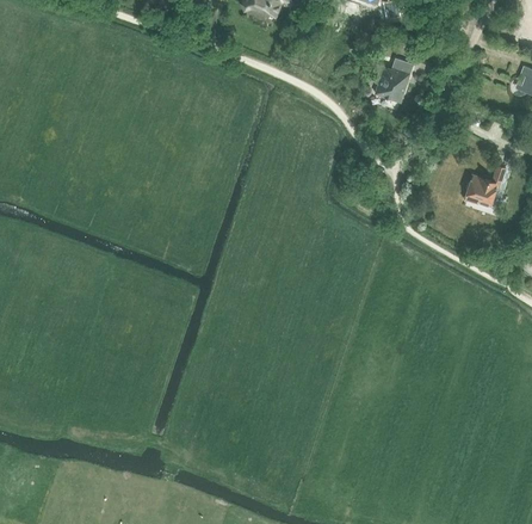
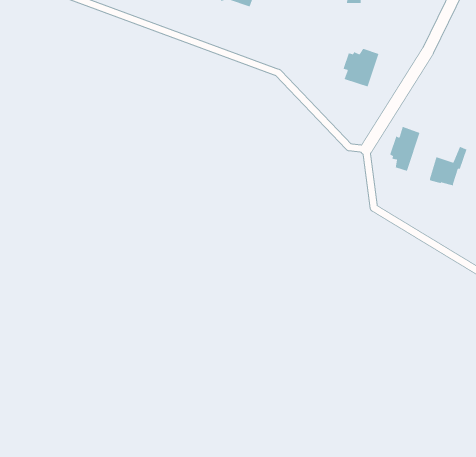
building: none -> [389,126,421,172]

